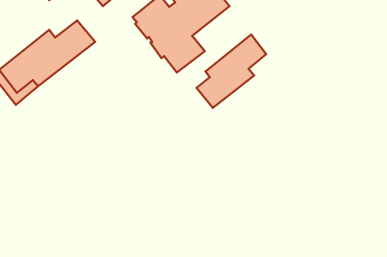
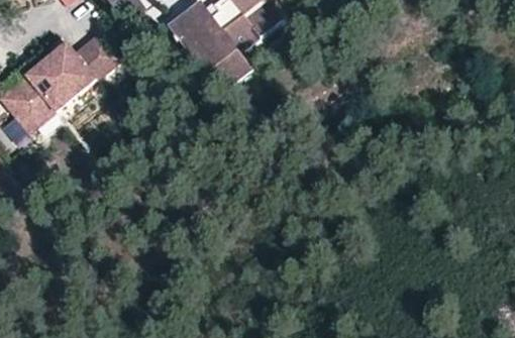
building: [197,35,266,108] -> none

